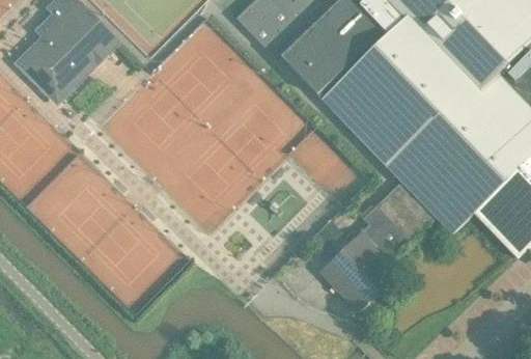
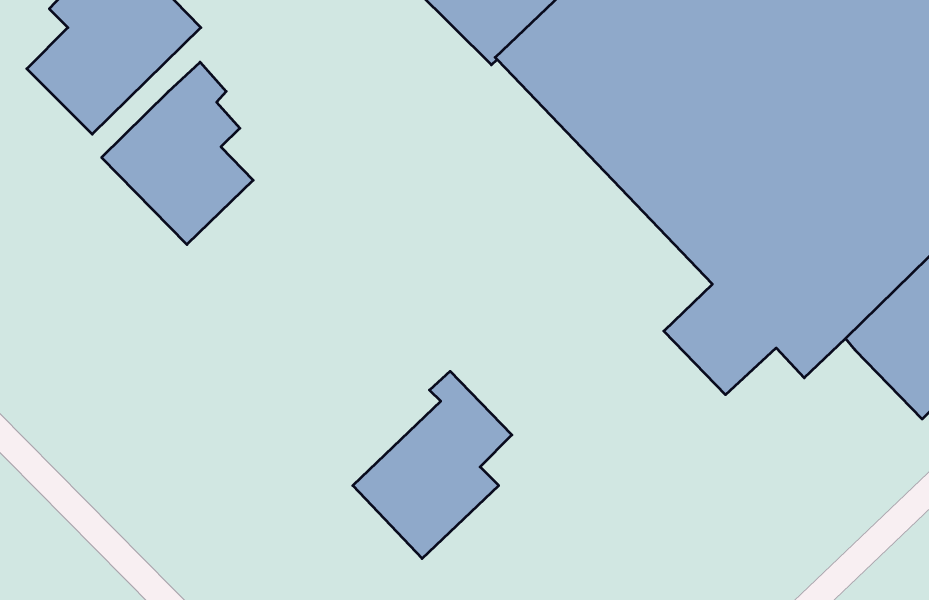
building: none -> [102,62,253,245]
building: [320,208,409,311] -> [353,371,512,559]

